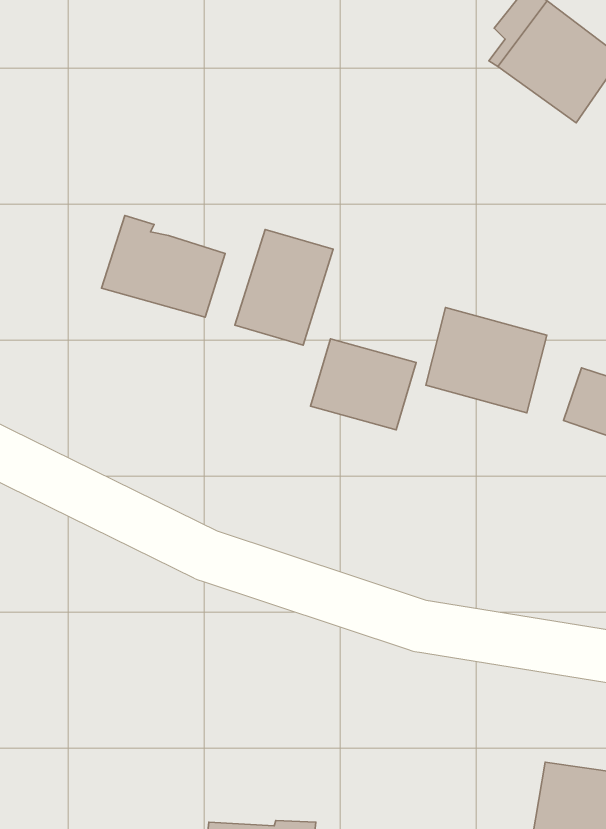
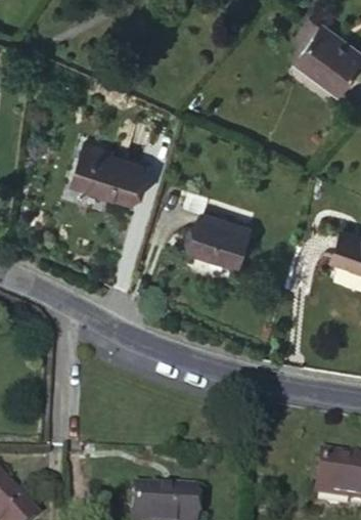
building: [235,229,333,345] -> none
building: [426,307,547,413] -> none

